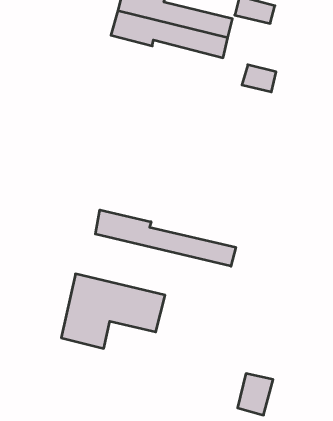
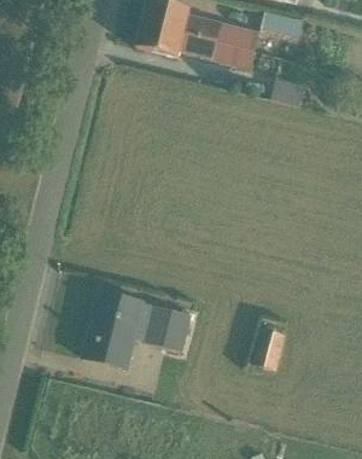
building: [95,210,236,266] -> none
building: [238,374,273,415] -> [251,327,287,370]

